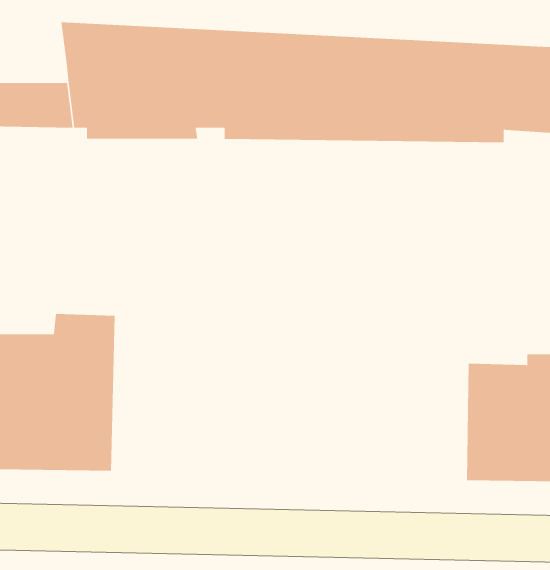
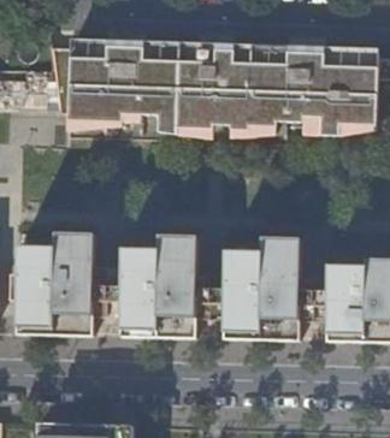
building: none -> [114,233,193,337]
building: none -> [218,236,295,339]

